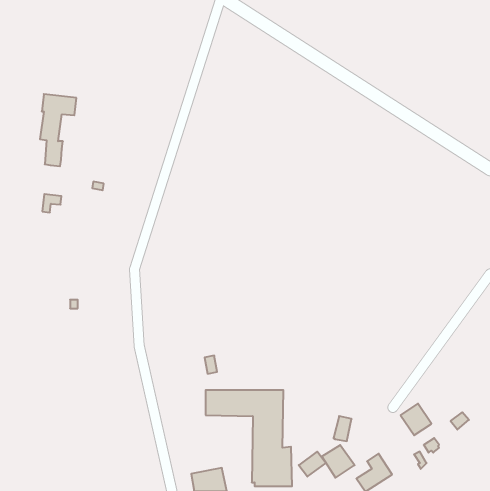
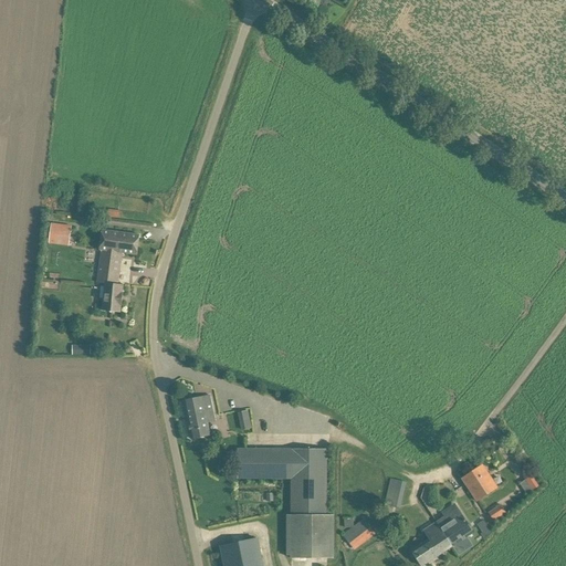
building: [40,94,76,166] -> [96,230,138,313]
building: none -> [182,395,214,439]
building: [322,445,355,478] -> [436,509,473,546]

